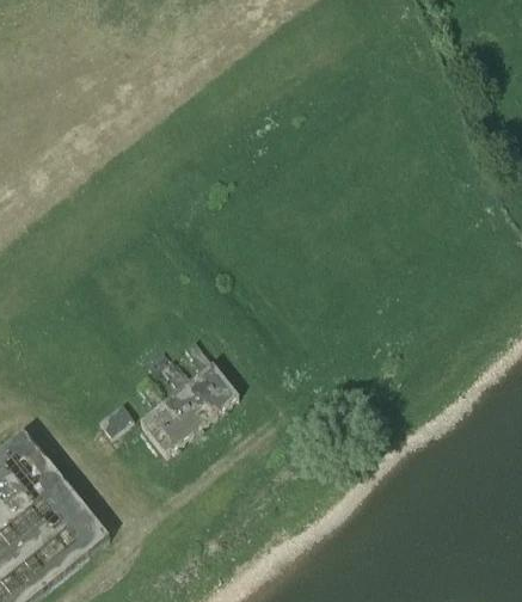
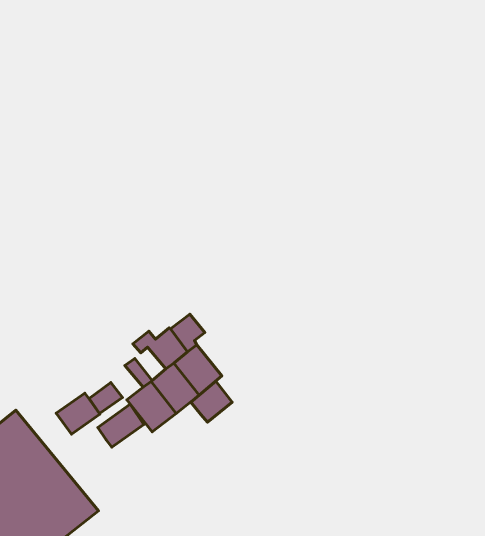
building: none -> [191,381,232,422]
building: none -> [56,393,100,434]
building: none -> [98,404,144,447]

